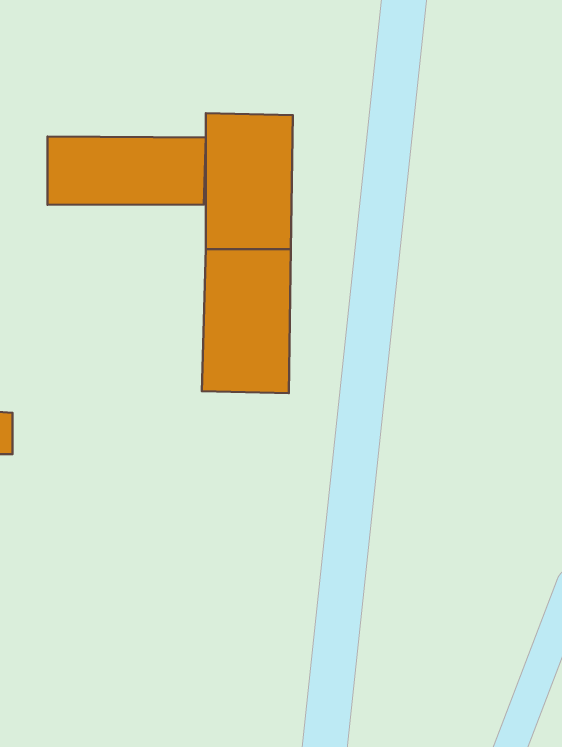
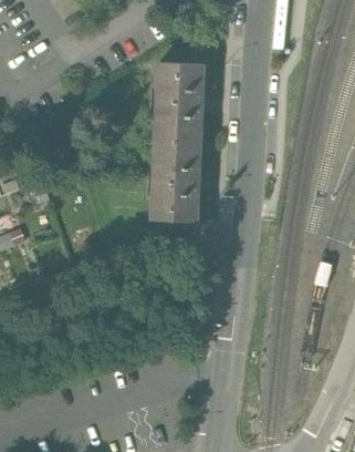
building: [47,136,206,205] -> none

